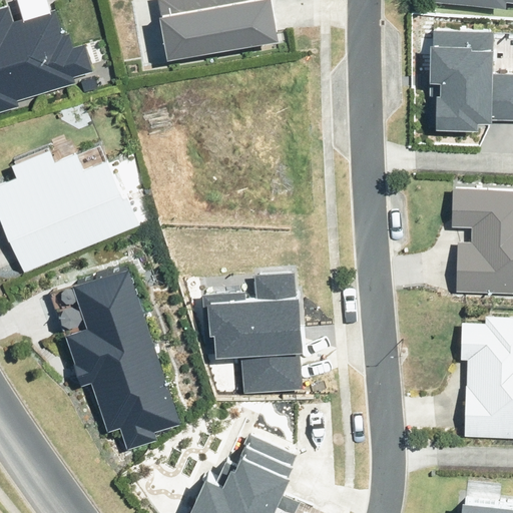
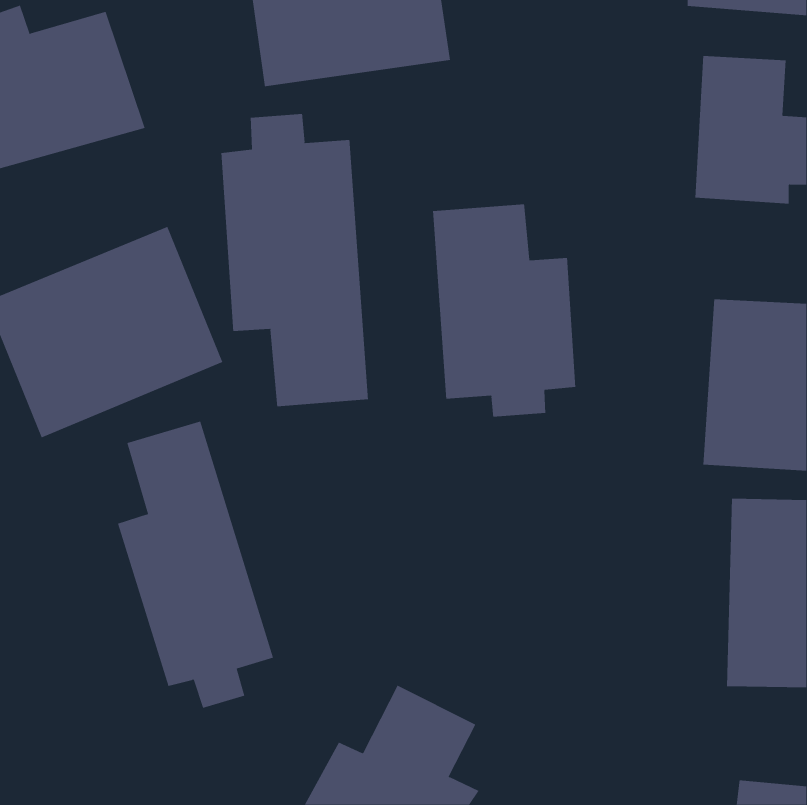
building: none -> [221,113,368,407]
building: none -> [432,203,576,418]
building: [206,271,307,389] -> none

